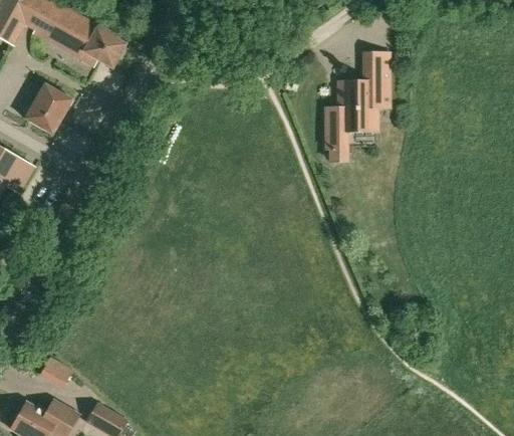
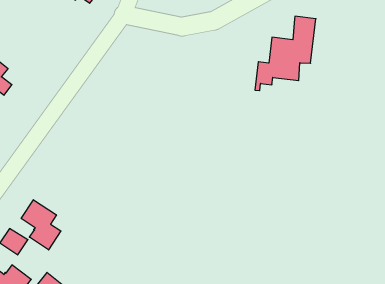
building: [14,82,72,142] -> none
building: none -> [21,200,61,250]

